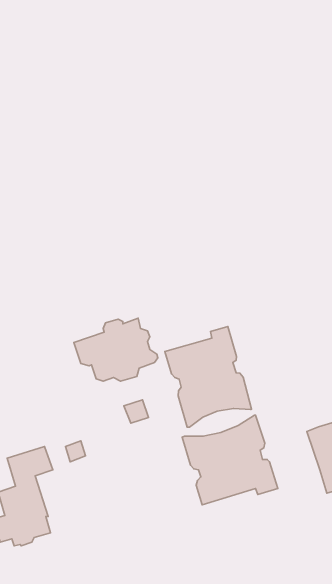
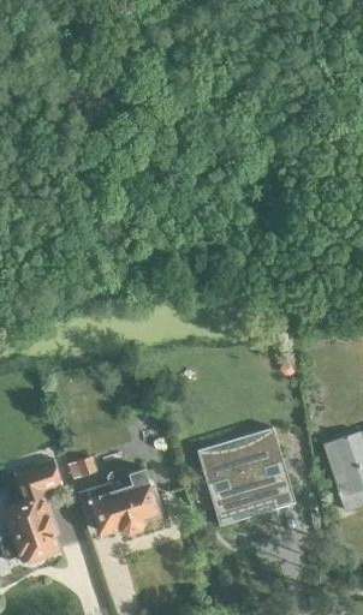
building: [74,318,158,381] -> [77,467,163,532]
building: [165,326,252,427] -> none

